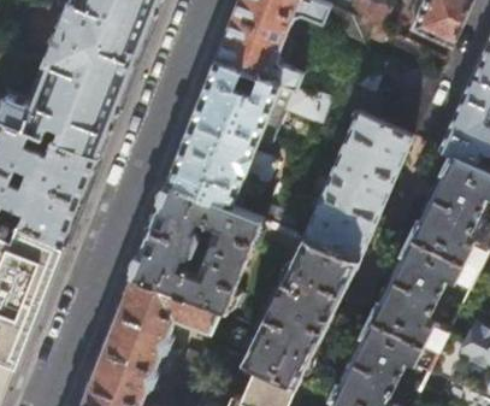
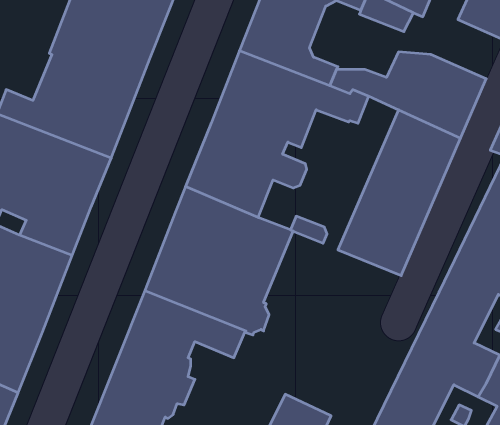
building: [241,237,359,386] -> none

